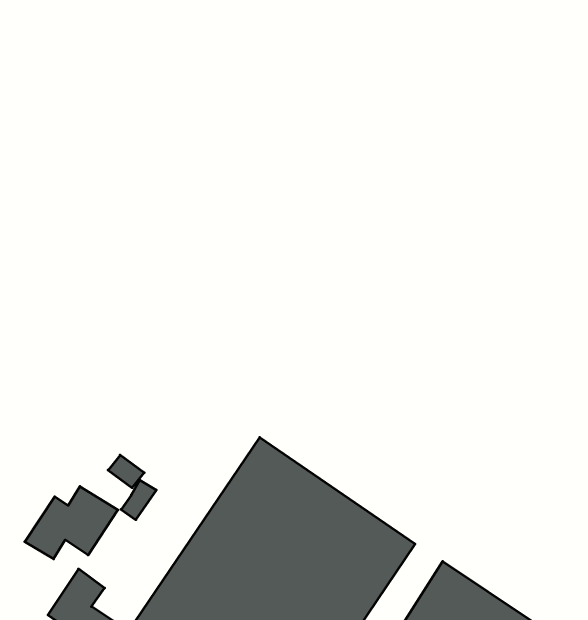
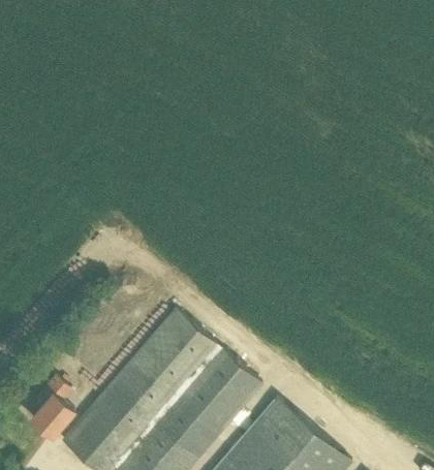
building: [25,486,118,559] -> none

